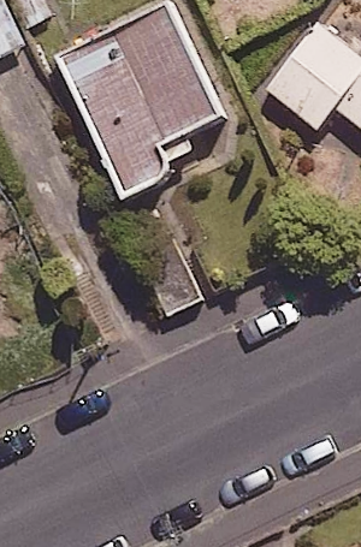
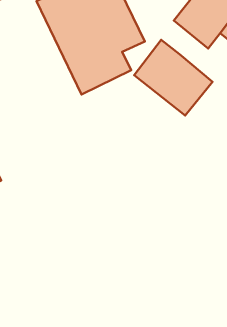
building: none -> [134,40,213,115]

